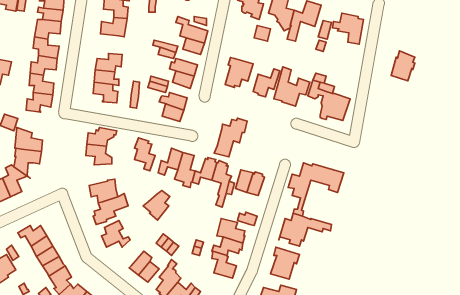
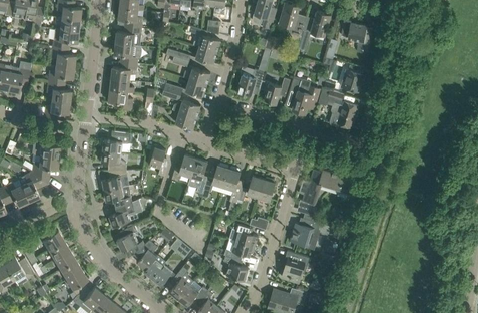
building: none -> [113,43,141,63]
building: [391,51,415,81] -> [341,63,364,92]
building: [214,118,247,157] -> none
building: none -> [101,170,129,191]
building: [143,190,170,220] -> [131,240,157,269]

